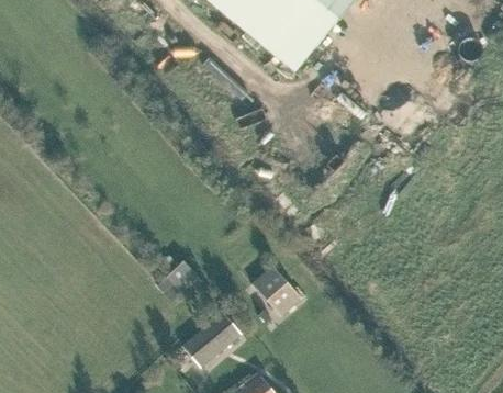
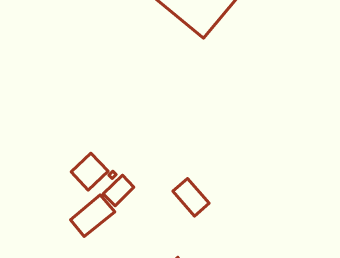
building: none -> [71,153,108,190]
building: [182,311,243,368] -> [71,195,115,237]

